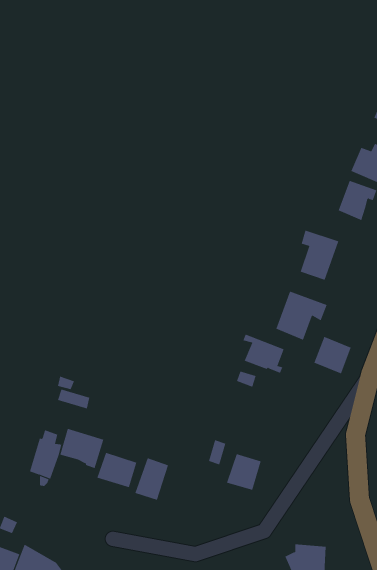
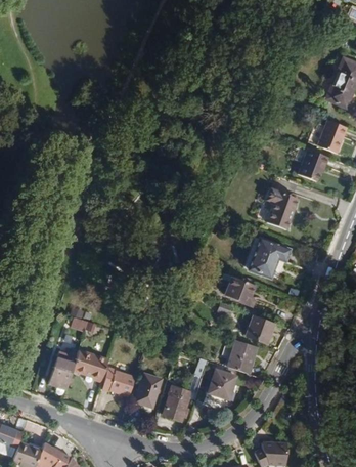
building: [314,336,352,374] -> [243,314,274,345]
building: none -> [225,339,256,374]
building: none -> [162,385,190,420]

